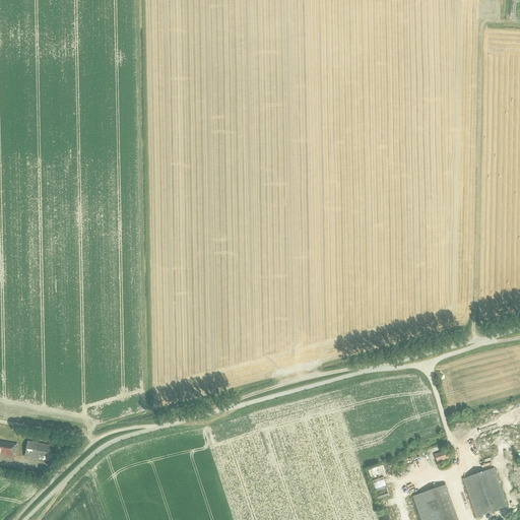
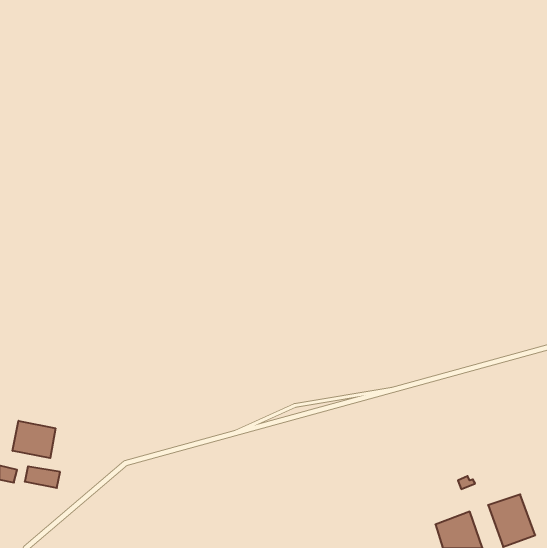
building: none -> [13,421,55,458]

